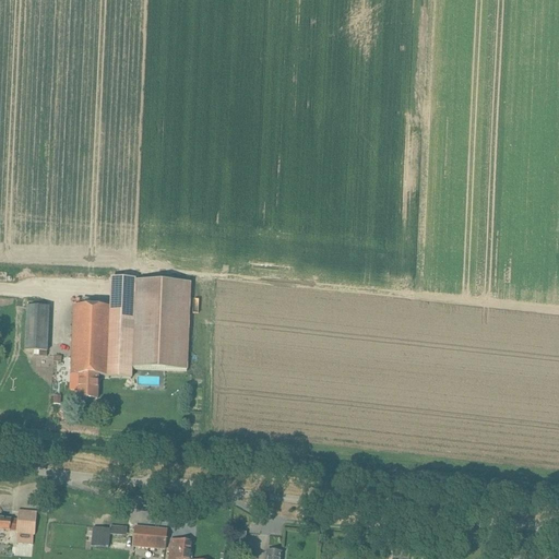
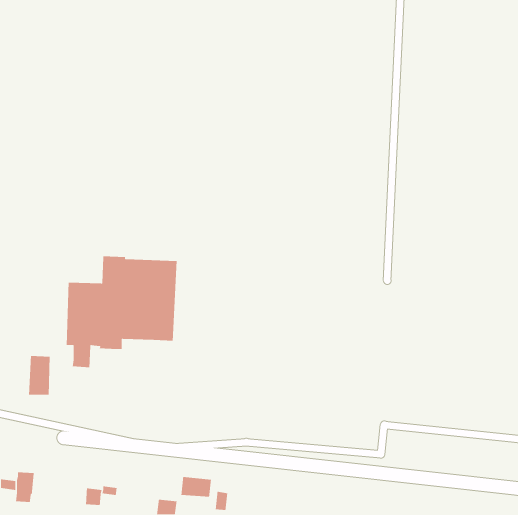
building: [25,305,49,348] -> [28,355,51,396]
building: [133,524,167,547] -> [180,476,212,497]

